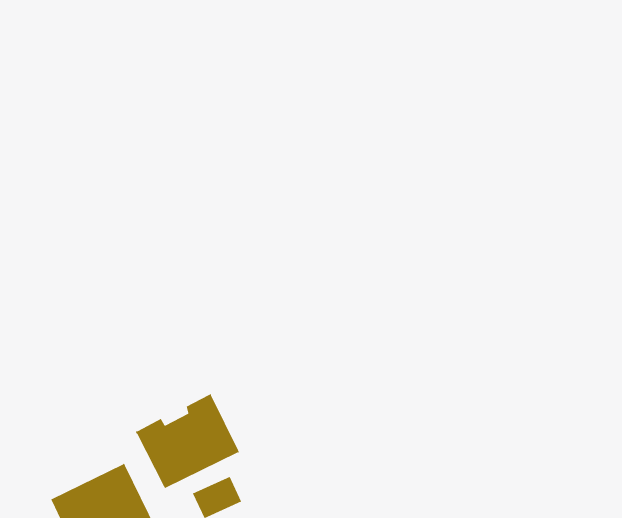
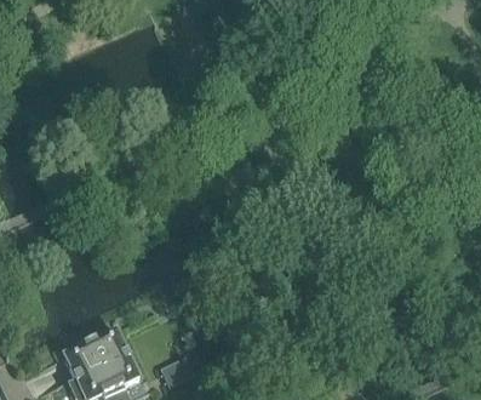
building: [135,393,240,490] -> none

